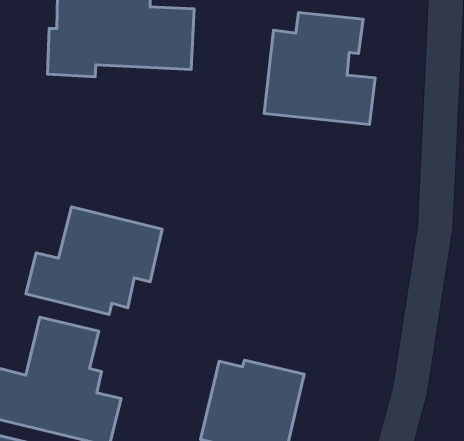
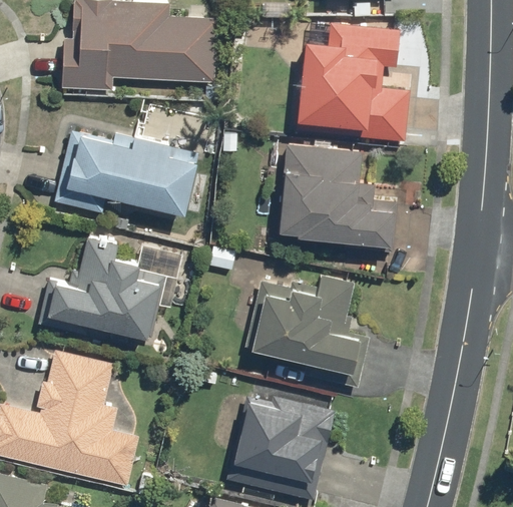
building: none -> [53,131,197,215]
building: none -> [277,145,400,245]
building: none -> [245,273,371,390]

